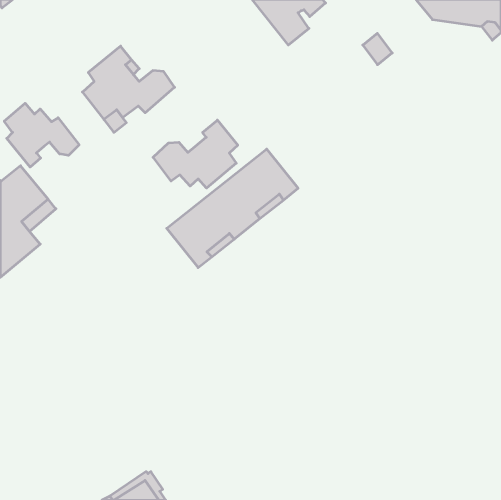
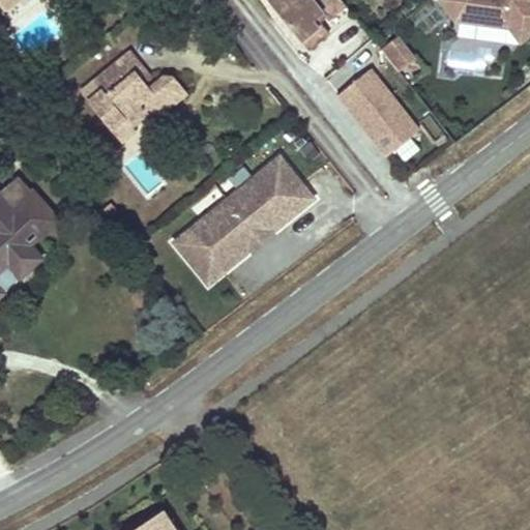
building: none -> [337,68,419,154]
building: [4,103,79,167] -> none
building: [153,120,238,188] -> none

